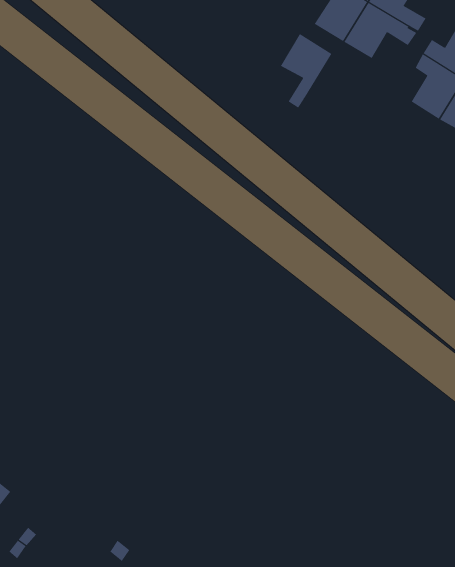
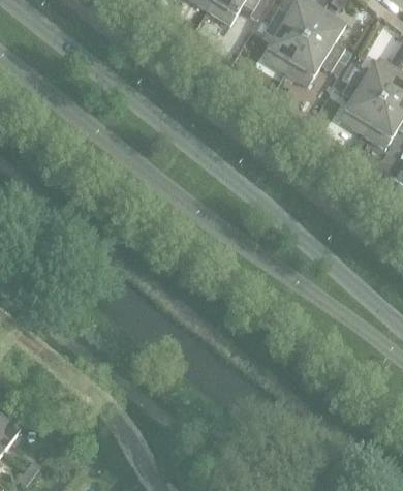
building: [280,33,332,108] -> none

